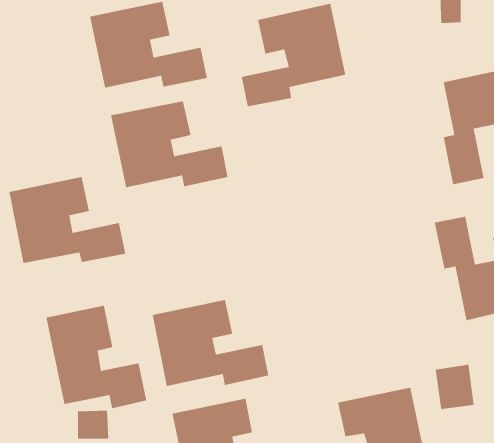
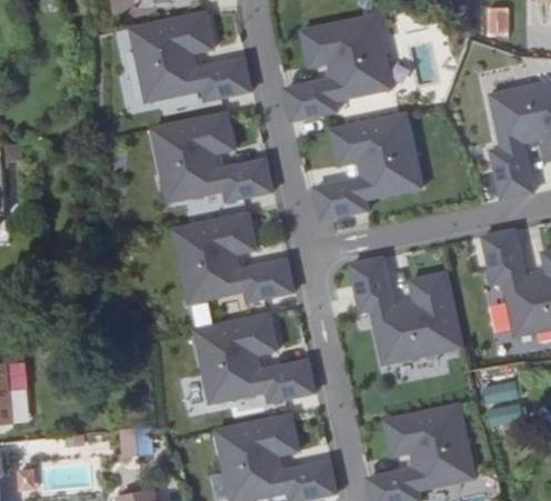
building: none -> [314,113,420,219]
building: [9,176,126,264] -> [173,213,292,302]
building: none -> [349,258,459,363]
building: [46,305,147,409] -> none

